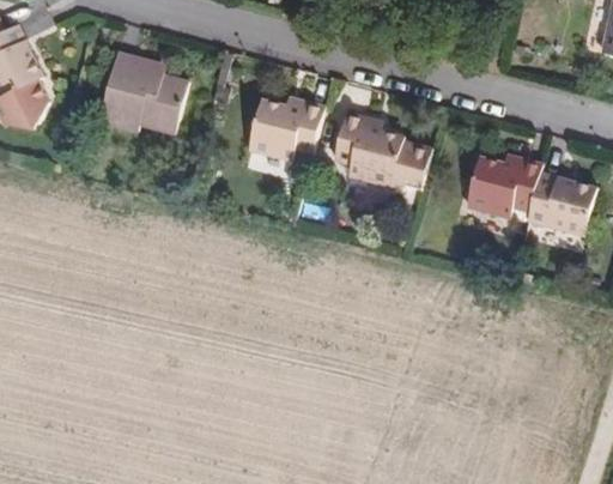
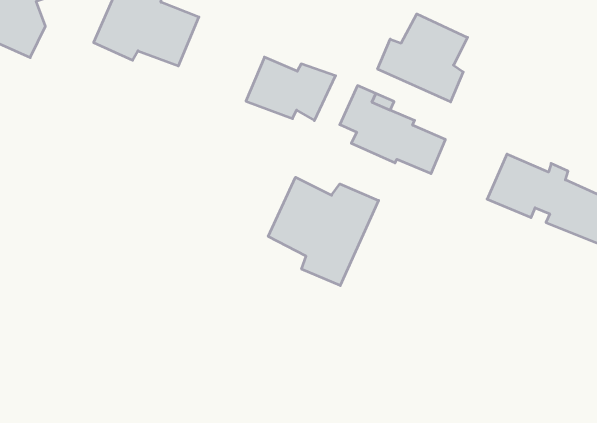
building: none -> [378,14,468,102]
building: none -> [268,177,379,286]

